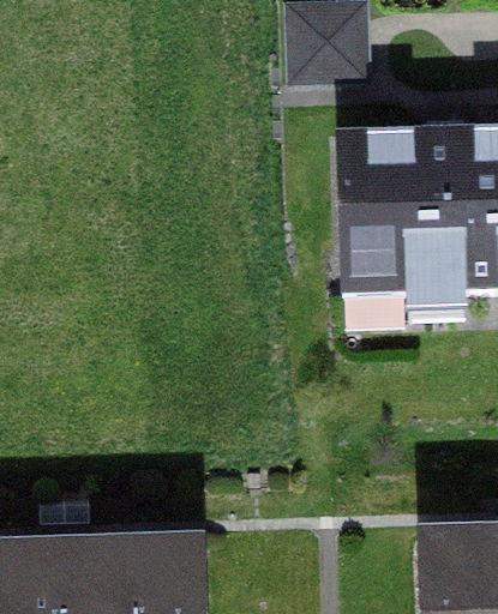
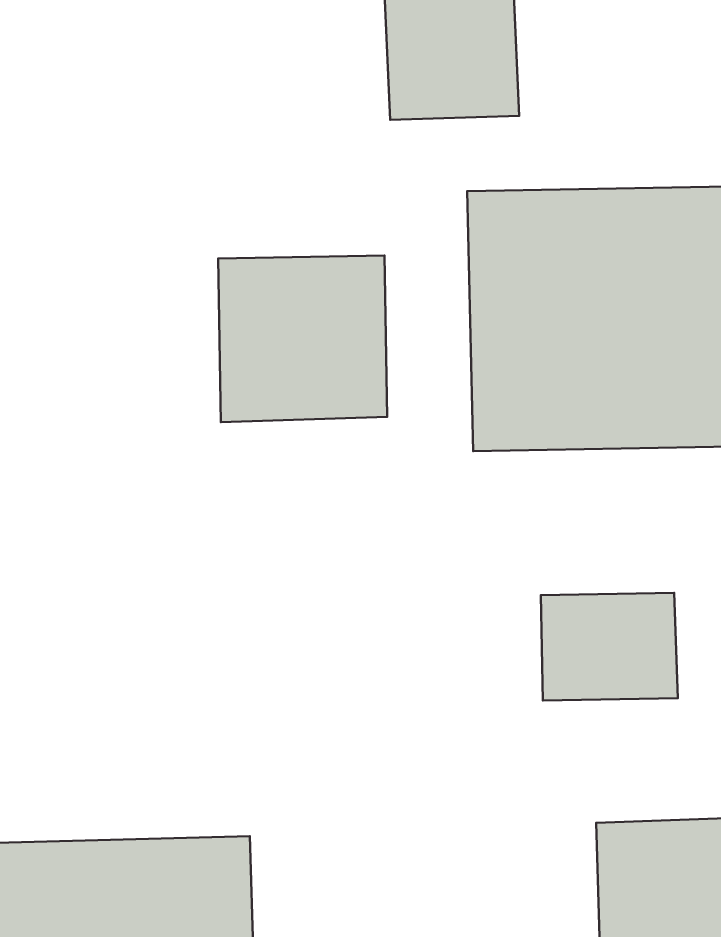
building: none -> [218,256,387,422]
building: none -> [541,593,678,700]

